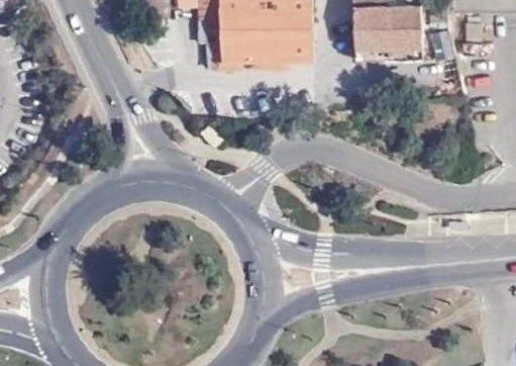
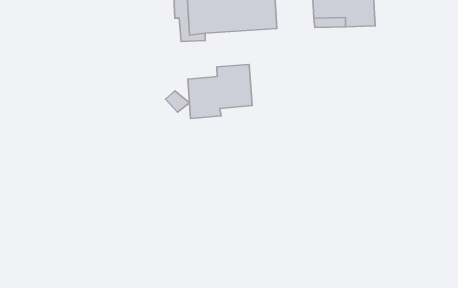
building: none -> [188,64,252,119]

